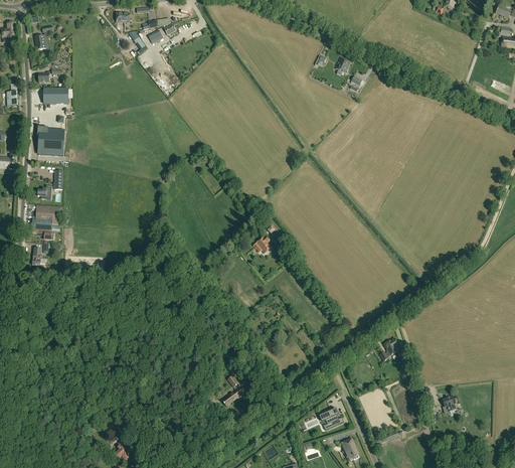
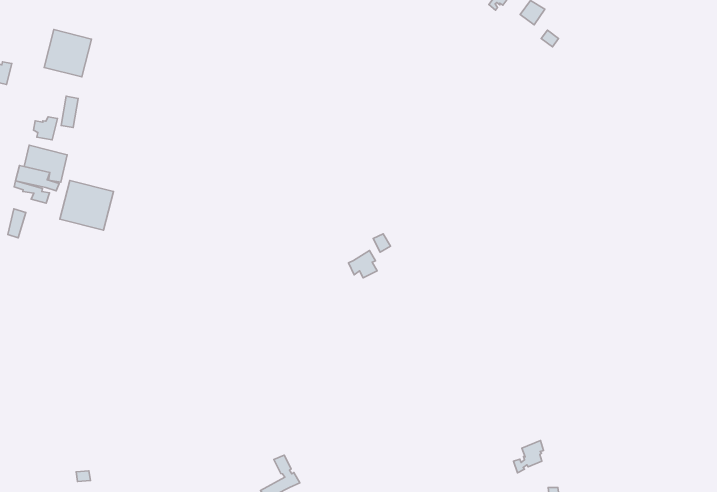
building: none -> [60,180,113,230]

